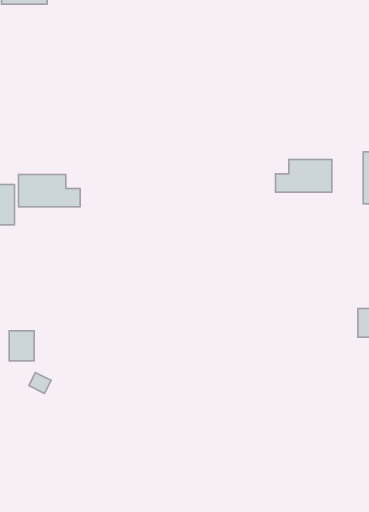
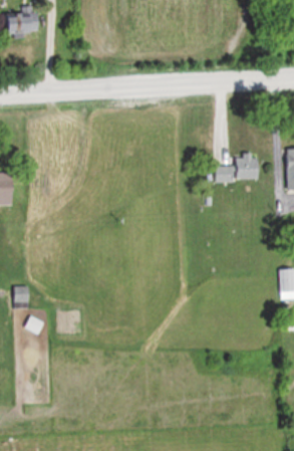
building: [18,174,80,207] -> none

